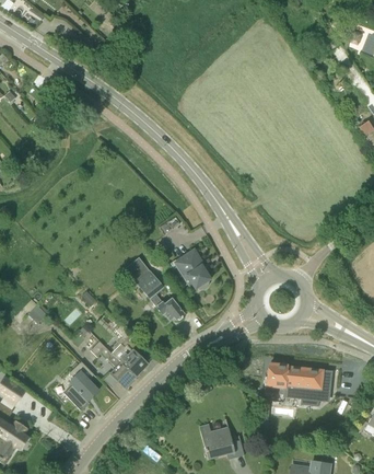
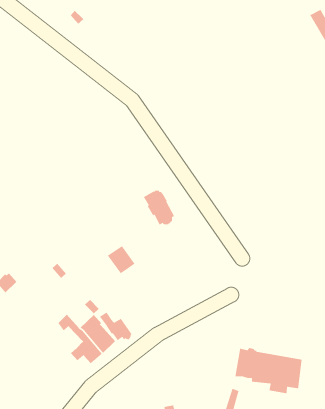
building: [177,254,210,289] -> [143,190,175,226]
building: [149,292,183,321] -> [99,311,133,341]
building: [63,360,97,407] -> none

